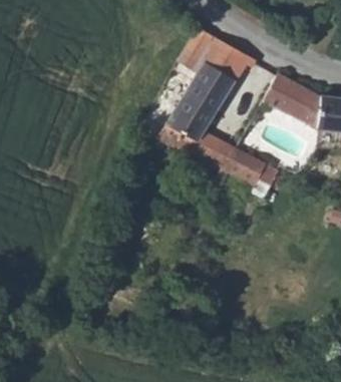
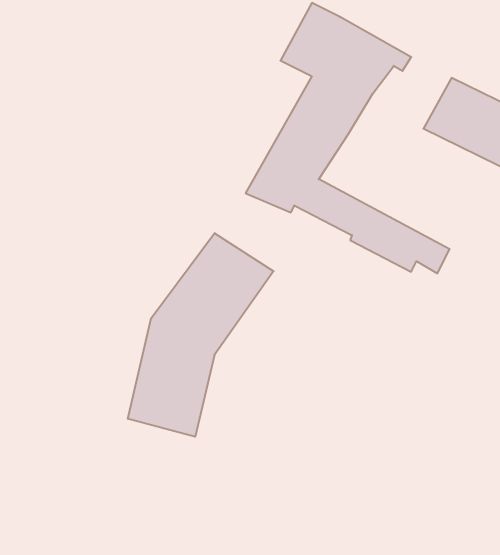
building: none -> [128,233,274,437]

